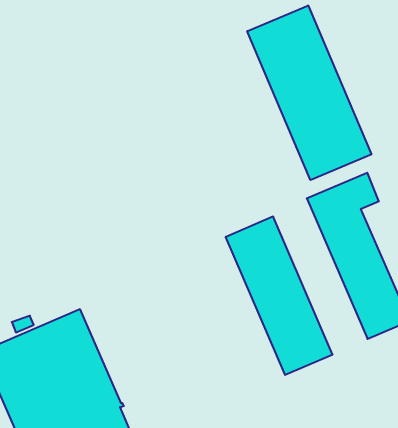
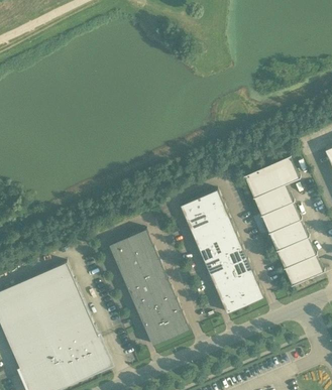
building: [247,5,371,180] -> none
building: none -> [110,231,191,348]

